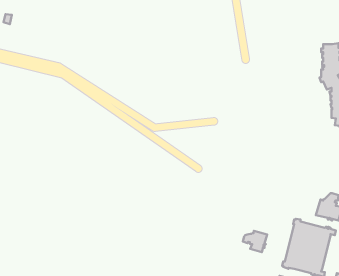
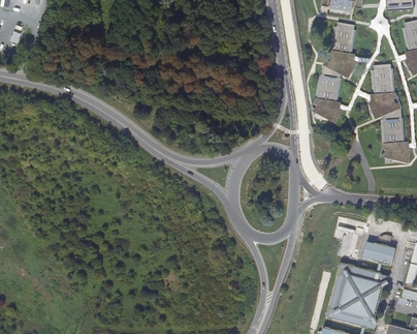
building: none -> [313,22,355,120]
building: [243,231,267,252] -> none

